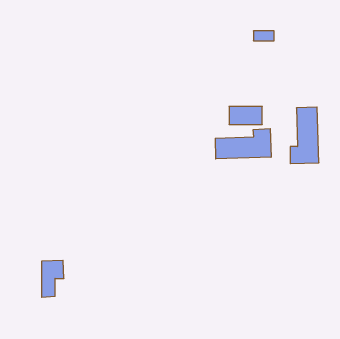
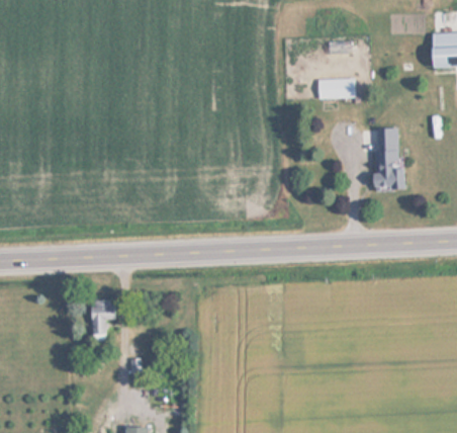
building: [229,106,262,124] -> [318,78,356,98]
building: [215,129,271,159] -> none

